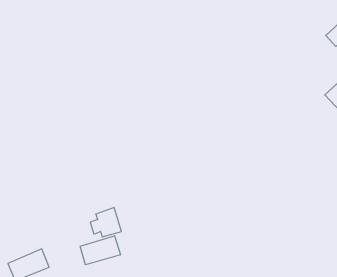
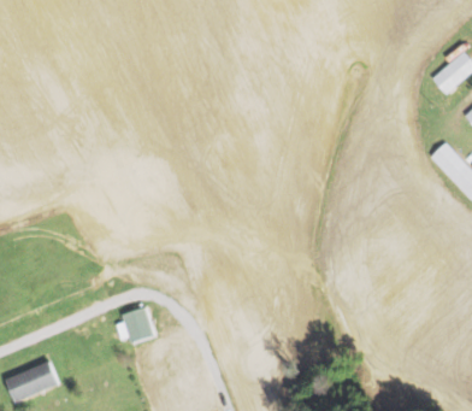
building: [80,236,120,265] -> none

